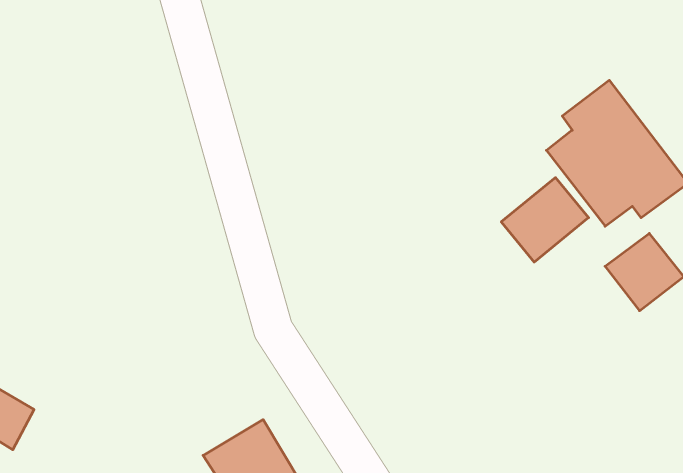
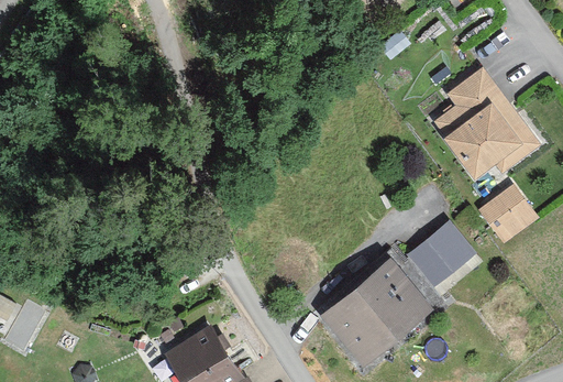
building: [501,178,589,262] -> [408,222,475,287]
building: none -> [328,264,422,356]

